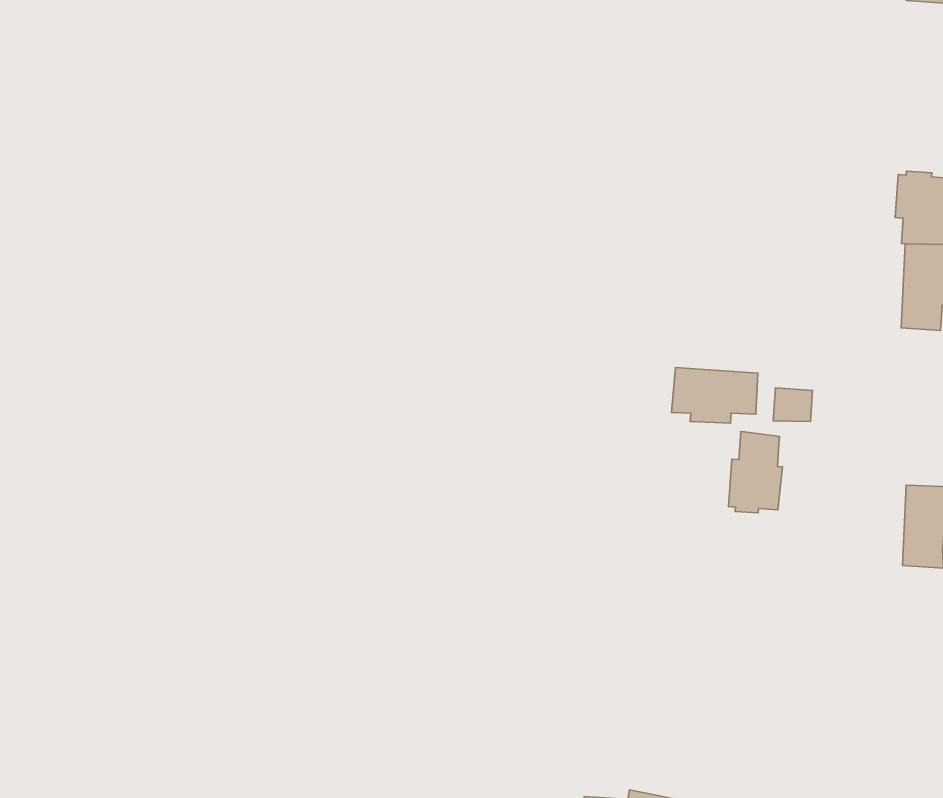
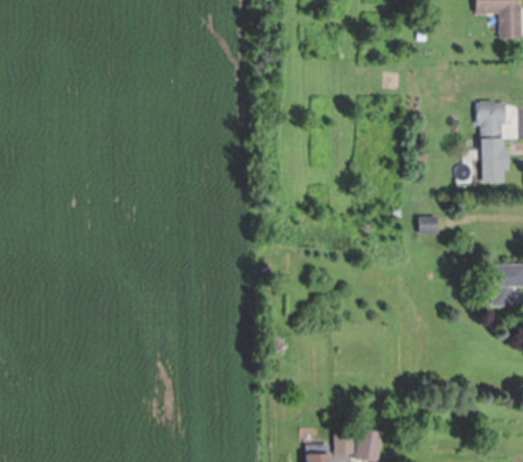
building: [672,367,758,423] -> none
building: [729,431,783,513] -> none

